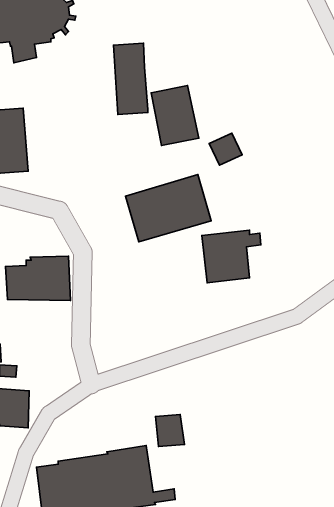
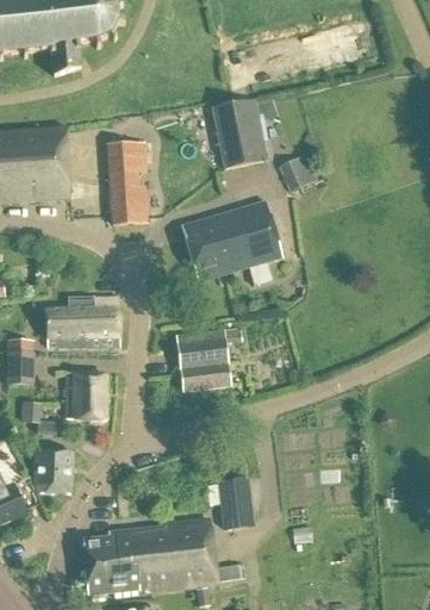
building: [114,43,148,115] -> [107,141,147,223]
building: [202,230,261,283] -> [174,324,242,385]
building: none -> [64,372,105,419]

